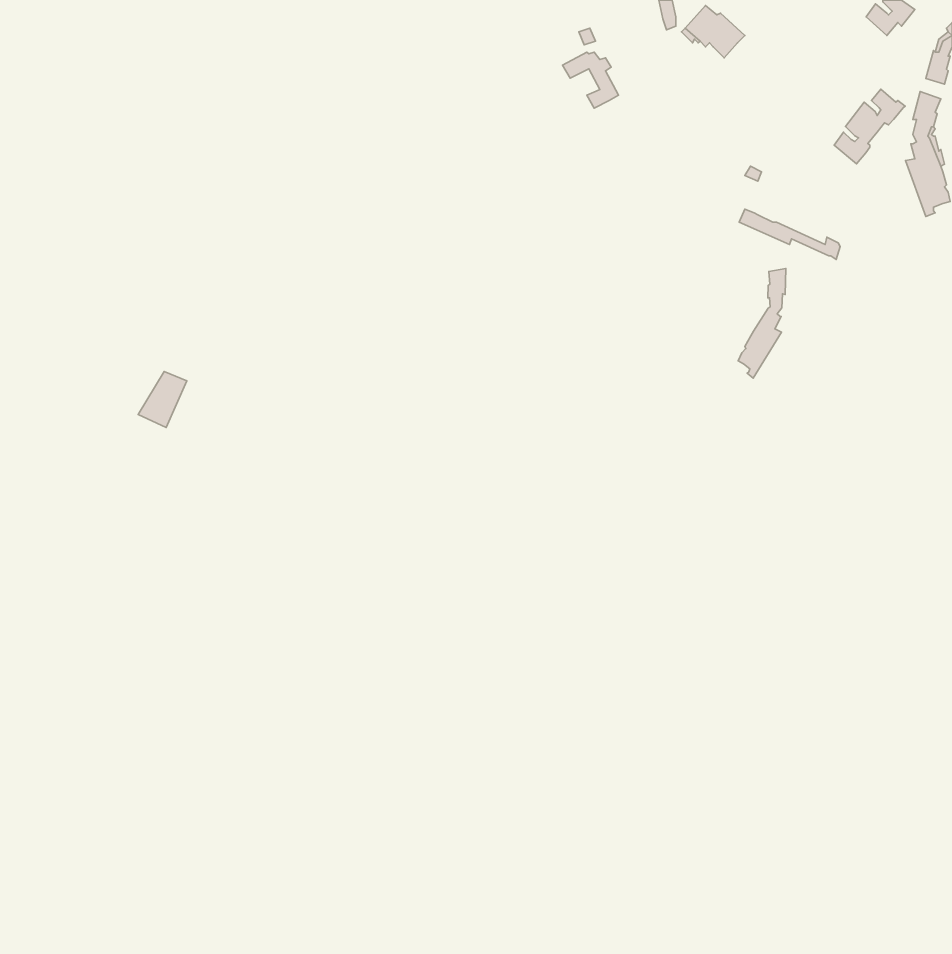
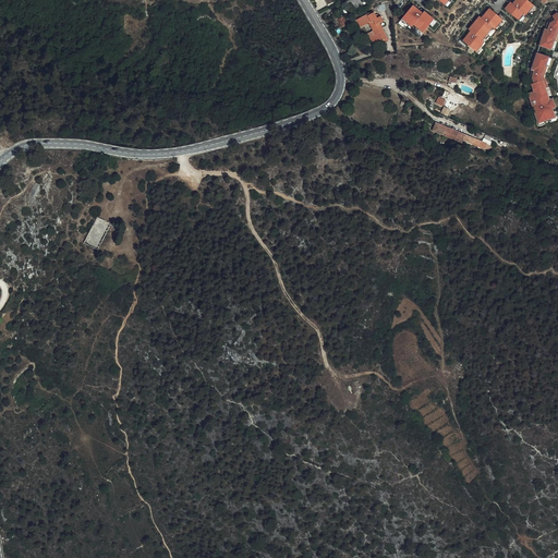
building: [563,52,619,108] -> [355,10,388,43]
building: [834,89,905,164] -> [463,9,505,52]
building: [738,269,786,378] -> none

